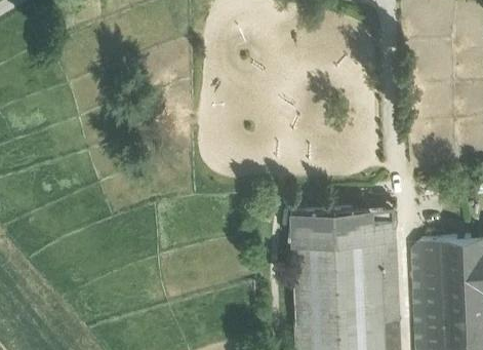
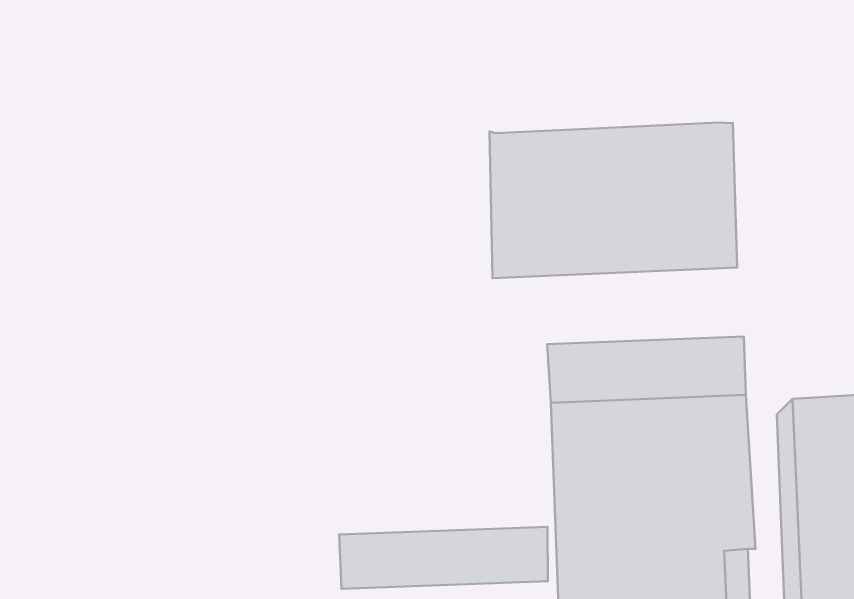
building: none -> [490,122,737,278]
building: none -> [339,527,548,589]

